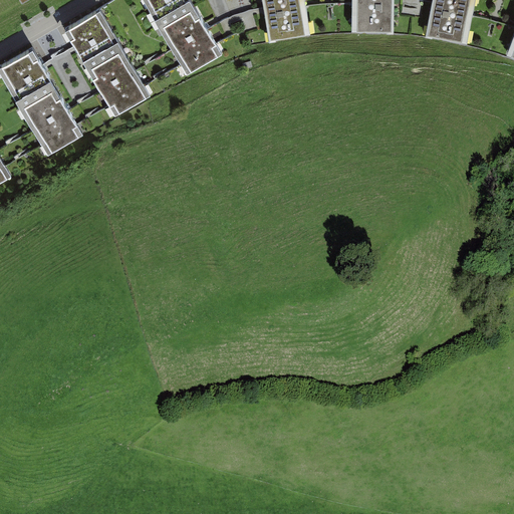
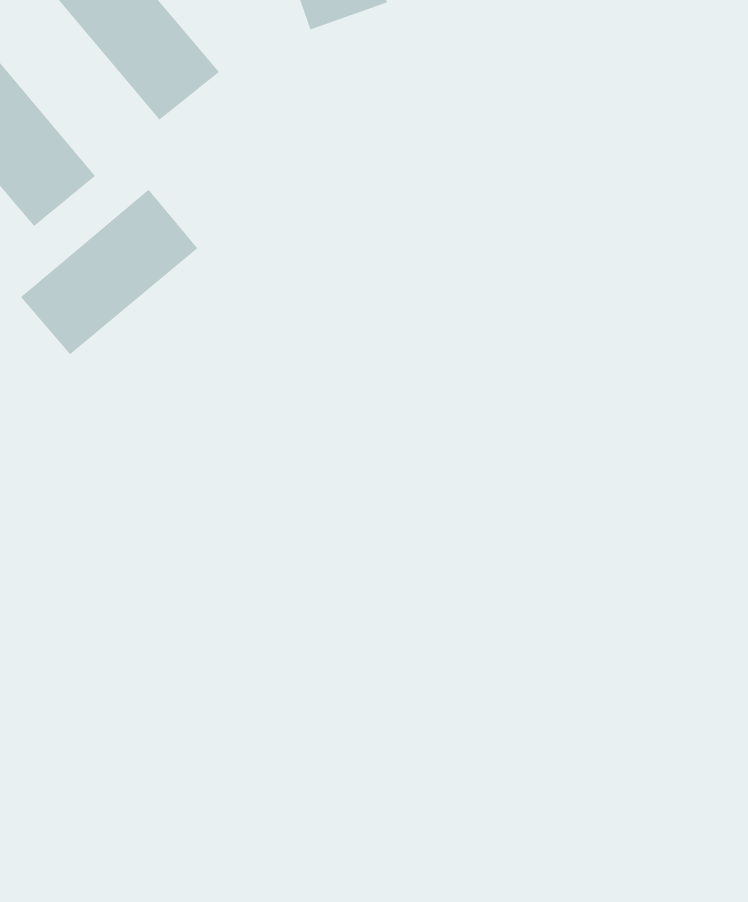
building: none -> [20,189,198,355]

